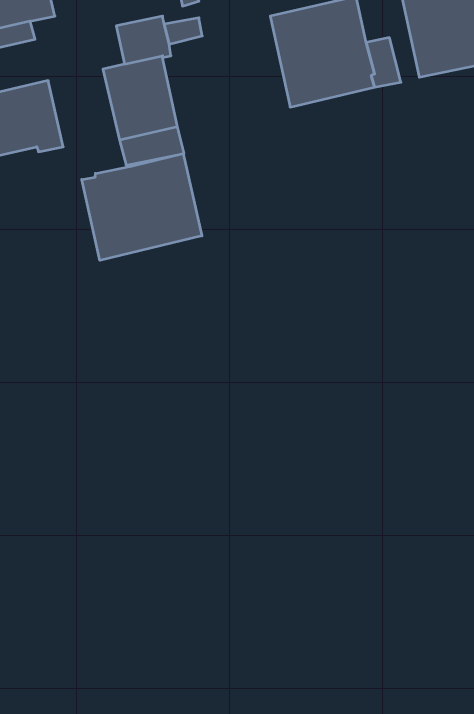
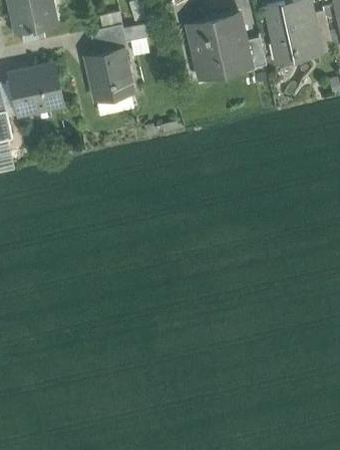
building: [82,154,202,260] -> none

